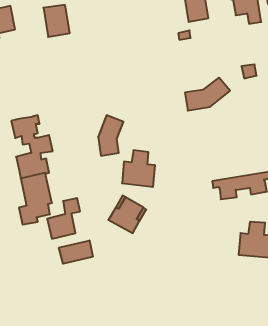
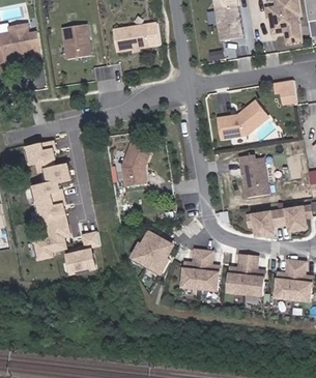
building: none -> [114,22,149,49]
building: none -> [238,154,267,197]
building: [122,150,155,187] -> [182,250,219,290]
building: none -> [228,255,264,294]
building: [59,240,93,264] -> none

